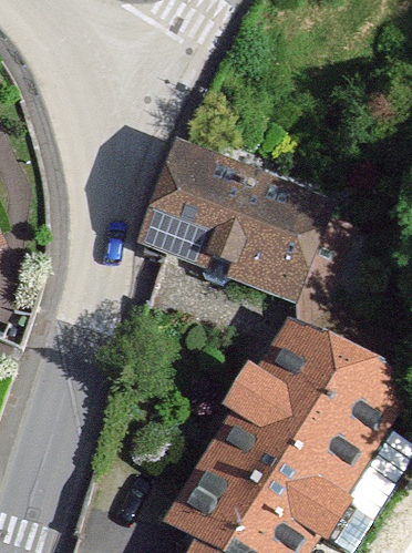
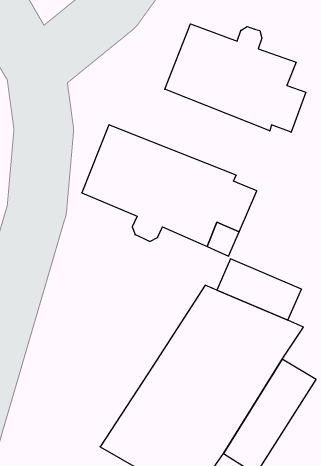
building: none -> [165,24,306,132]

